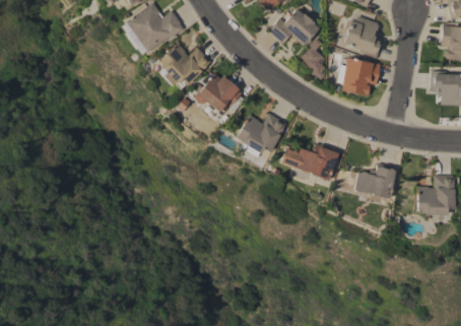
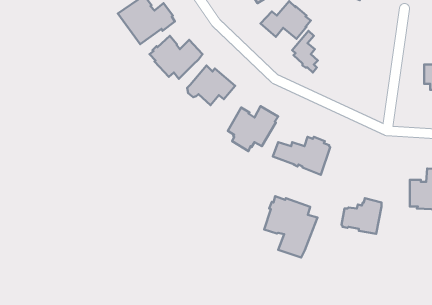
building: [344,15,384,58] -> none
building: [342,58,381,95] -> none
building: [355,162,395,198] -> [342,198,381,234]
building: none -> [264,196,317,258]

